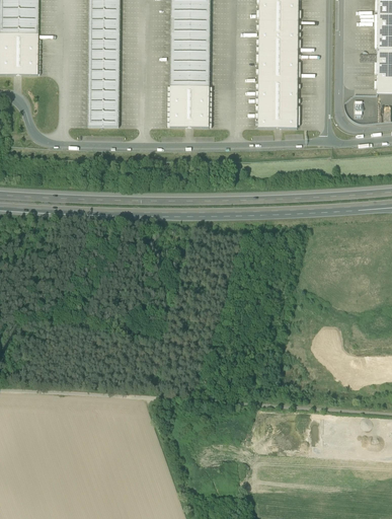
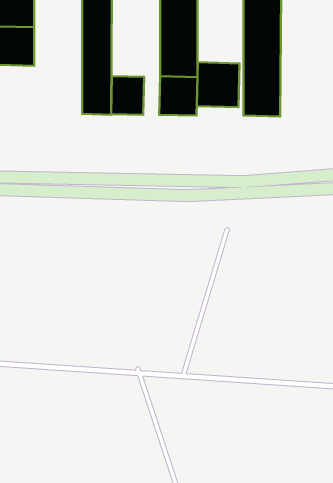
building: none -> [197,62,240,107]
building: none -> [111,76,144,115]

